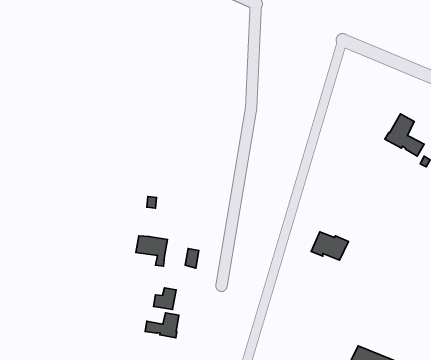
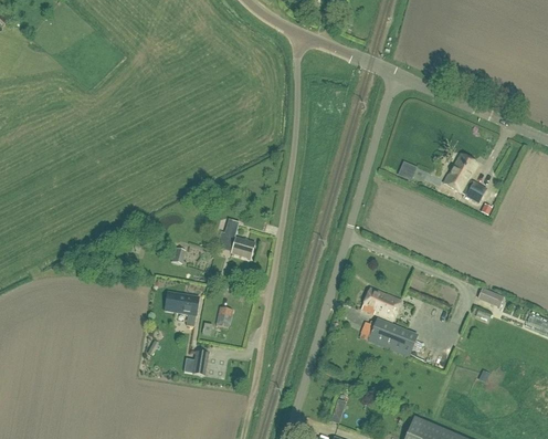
building: none -> [215,218,255,258]
building: none -> [367,321,417,356]
building: [145,313,179,338] -> none

